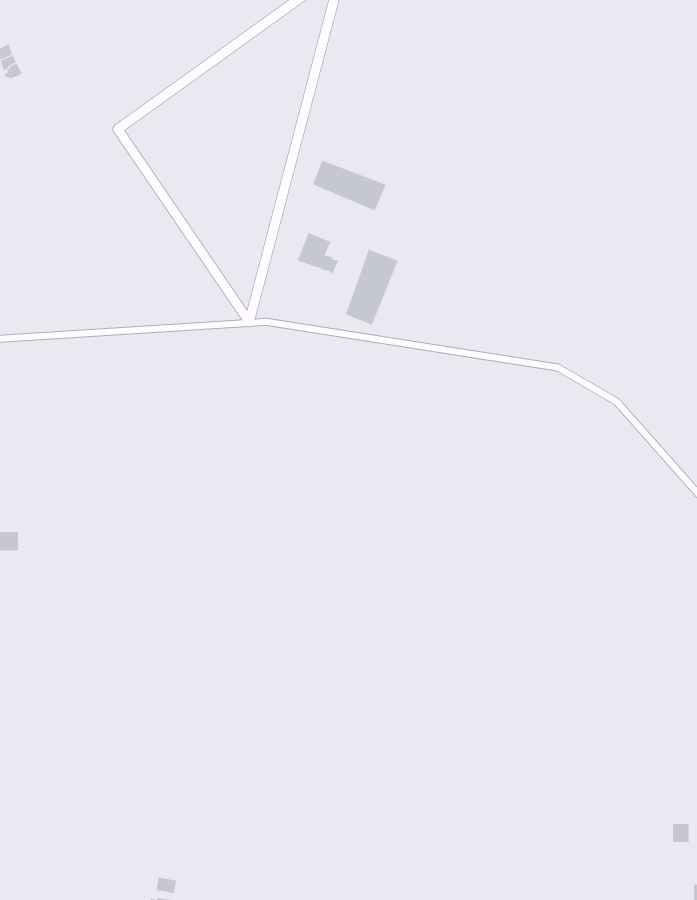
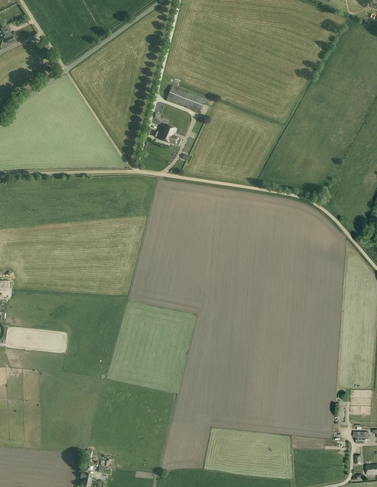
building: [345,249,398,326] -> none

